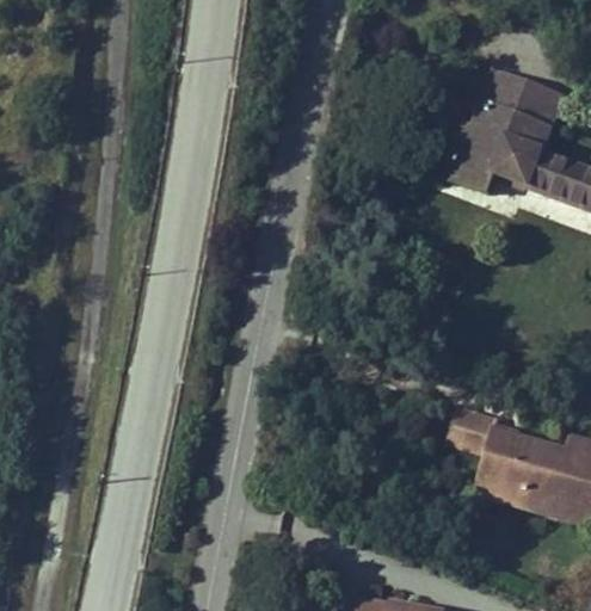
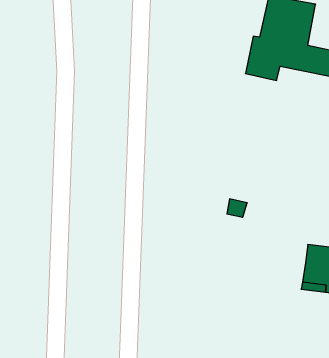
building: [450,409,500,455] -> none

